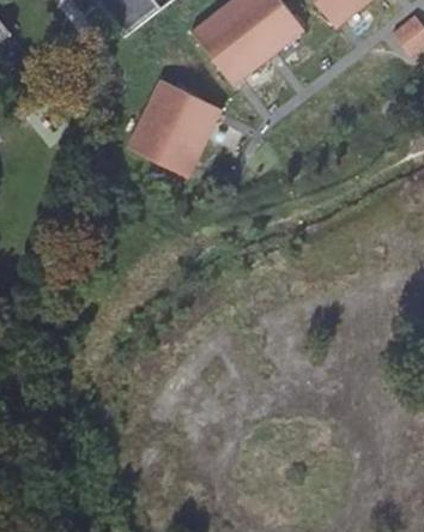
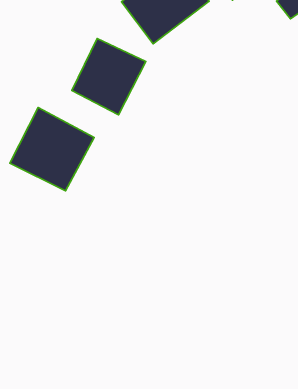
building: none -> [10,108,94,191]

